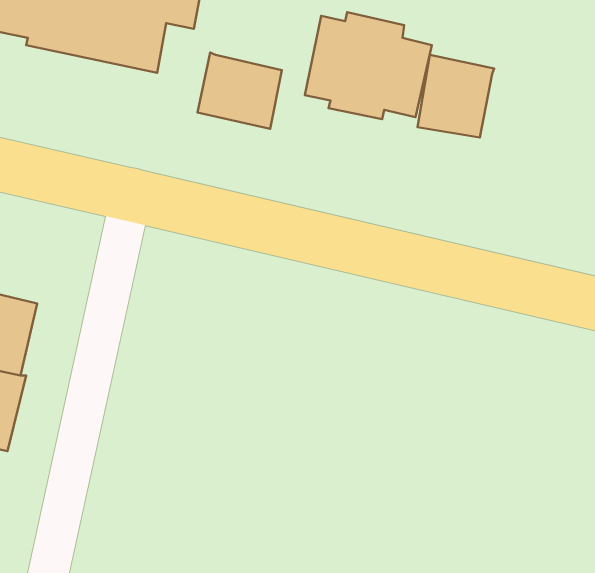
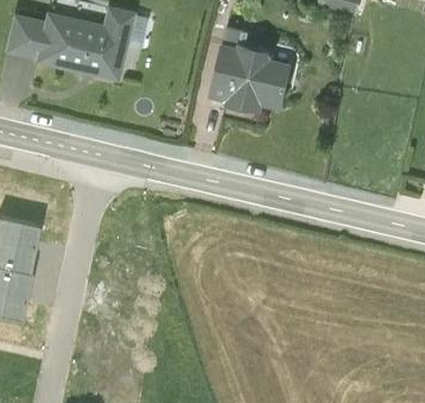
building: [198,53,282,129] -> none
building: [417,55,494,137] -> none

